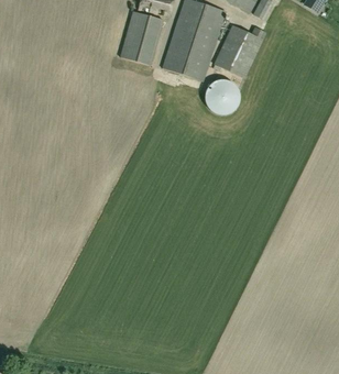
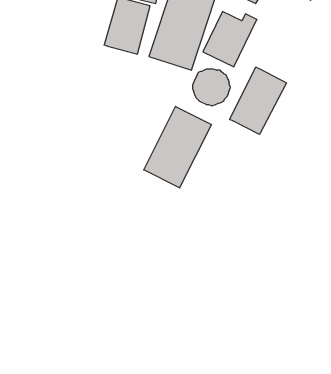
building: none -> [230,67,286,134]
building: none -> [144,106,211,188]

